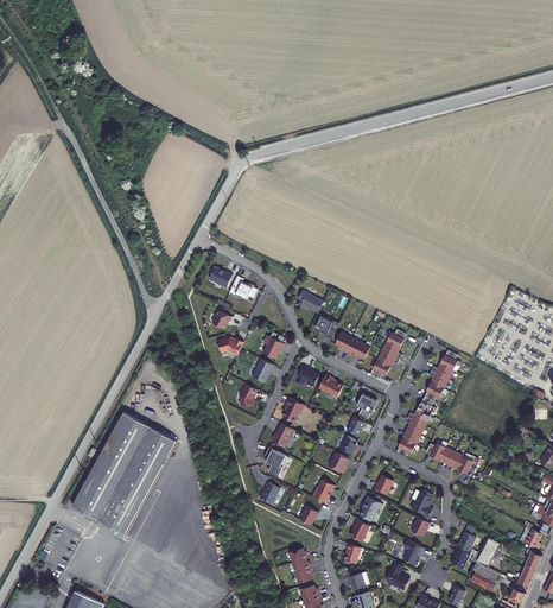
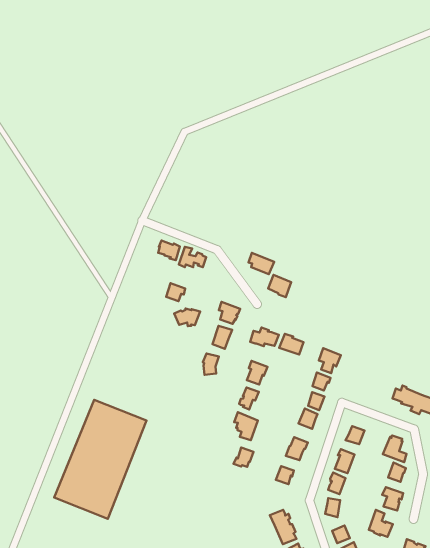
building: [370,329,406,378] -> none
building: [335,331,370,359] -> none
building: [395,350,459,457] -> none

